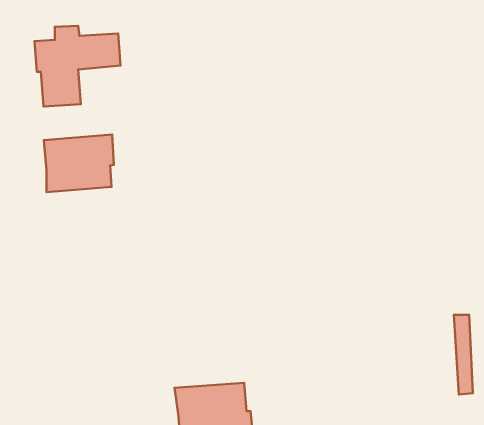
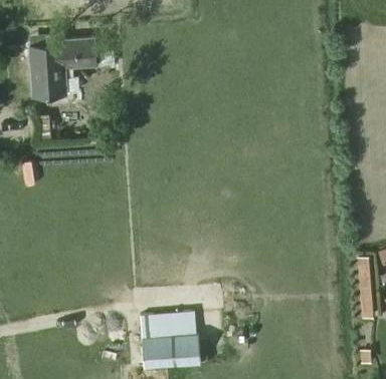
building: [44,135,114,192] -> none

